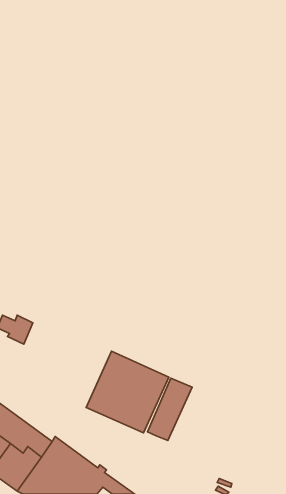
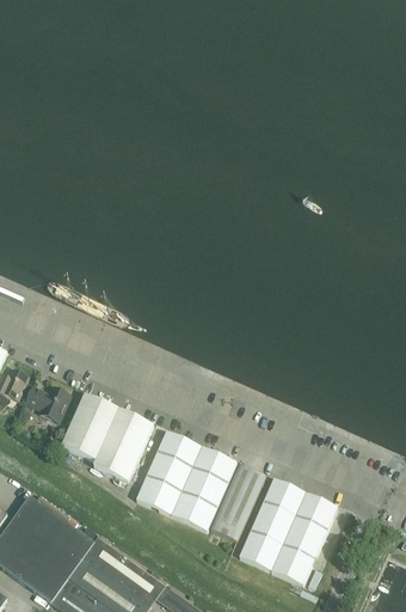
building: none -> [61,394,153,483]
building: none -> [239,479,337,586]

